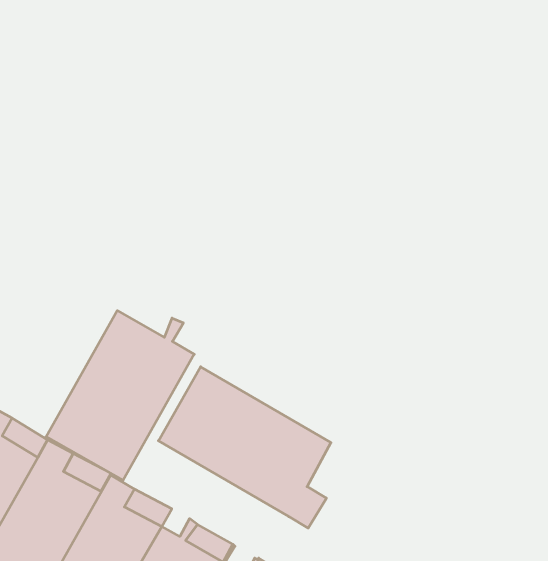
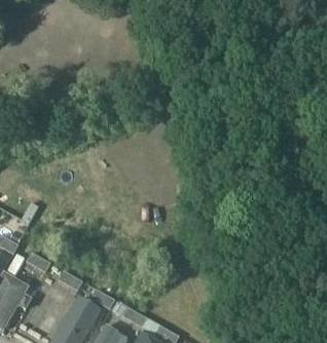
building: [46,311,194,480] -> none
building: [158,367,331,528] -> none

